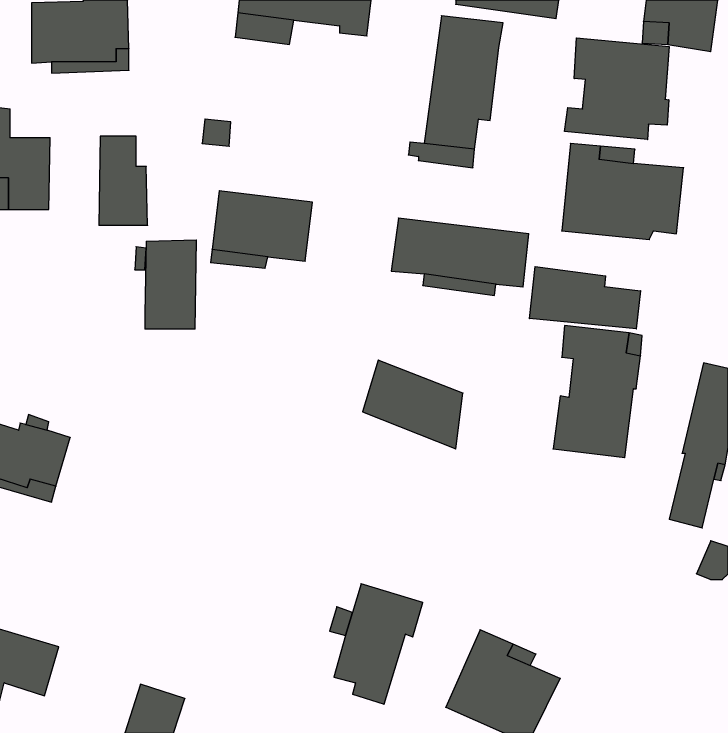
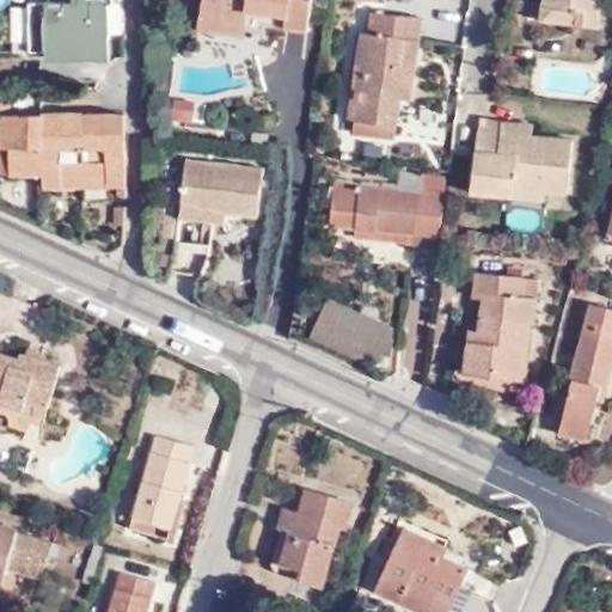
building: [565,38,669,140] -> none
building: [145,240,196,329] -> [41,114,84,188]
building: [529,267,641,329] -> none
building: none -> [129,435,191,528]

